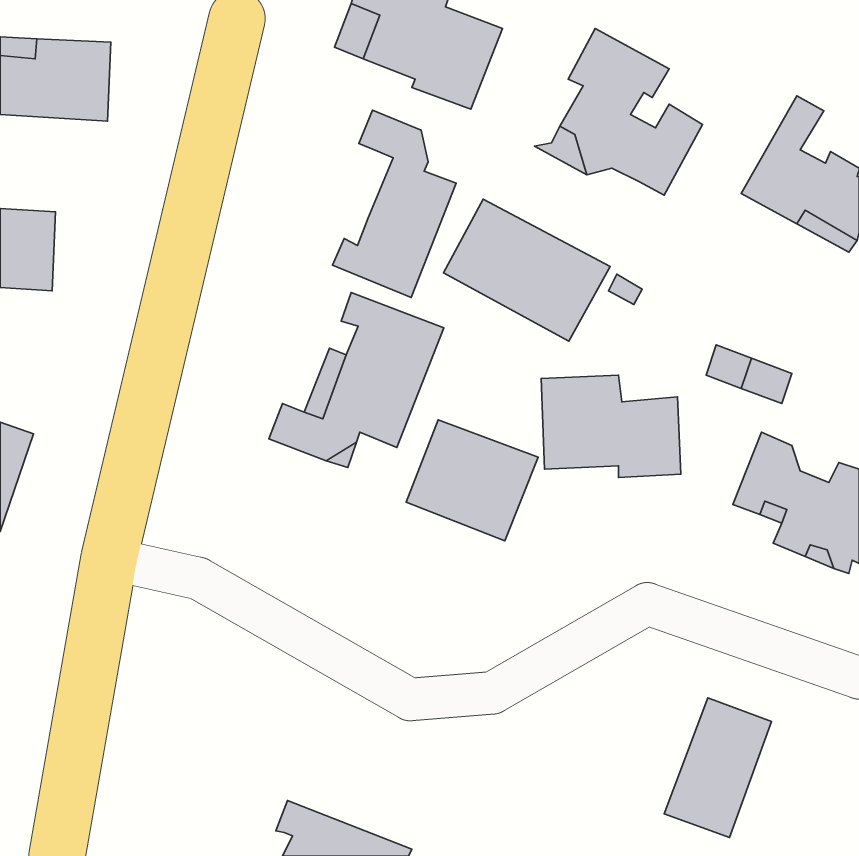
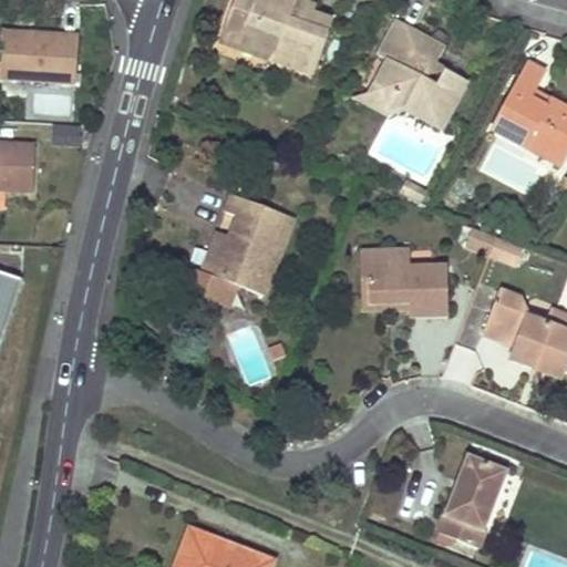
building: [333,110,456,297] -> none
building: [443,199,610,341] -> none
building: [406,420,538,541] -> none

